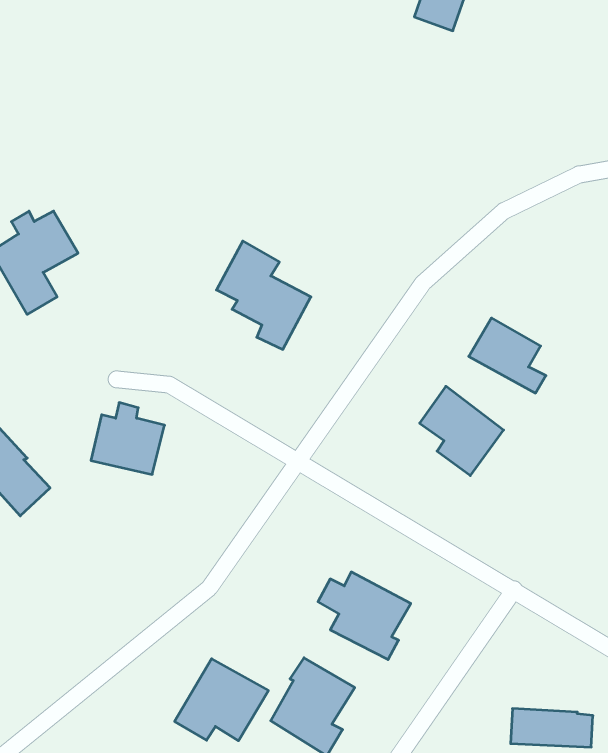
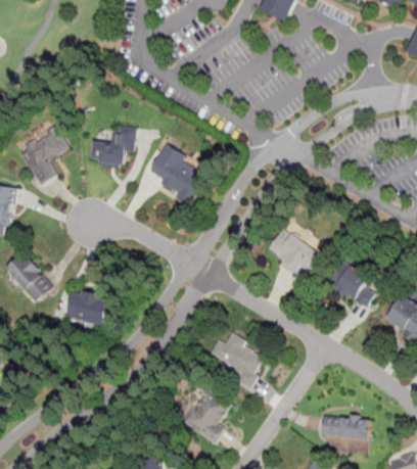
building: none -> [90,126,134,167]
building: [469,318,546,393] -> [327,261,372,304]
building: [91,403,165,474] -> [65,284,108,326]
building: [175,659,268,741] -> none

